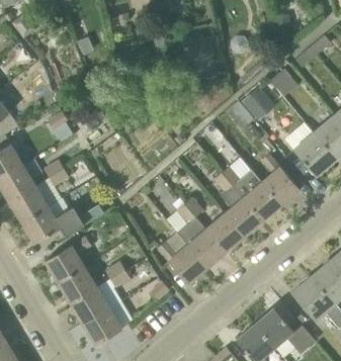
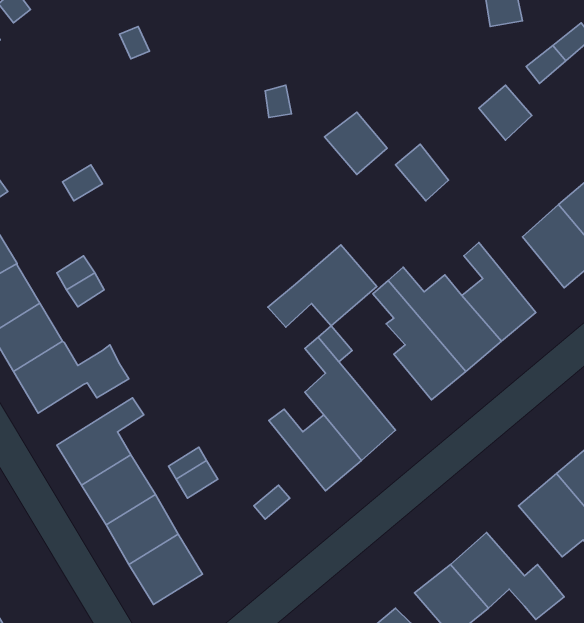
building: [242,87,275,120] -> [325,112,387,175]
building: none -> [268,245,377,327]
building: [205,211,245,252] -> none

